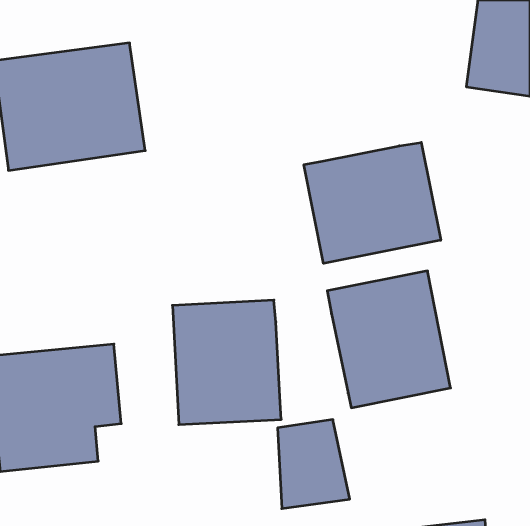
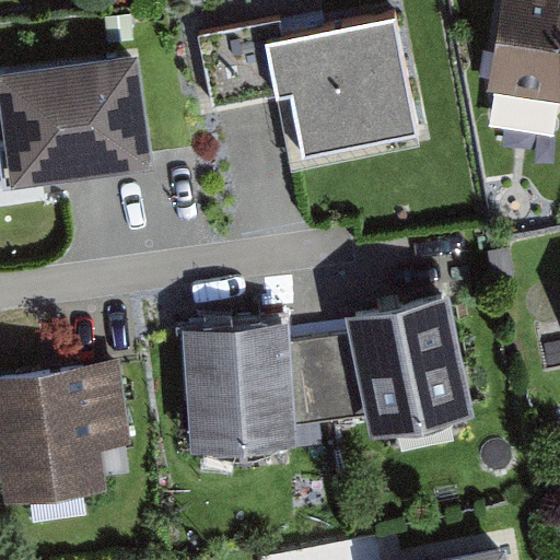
building: none -> [209,22,421,165]
building: [304,142,441,263] -> none
building: [278,420,350,509] -> [289,337,364,430]

